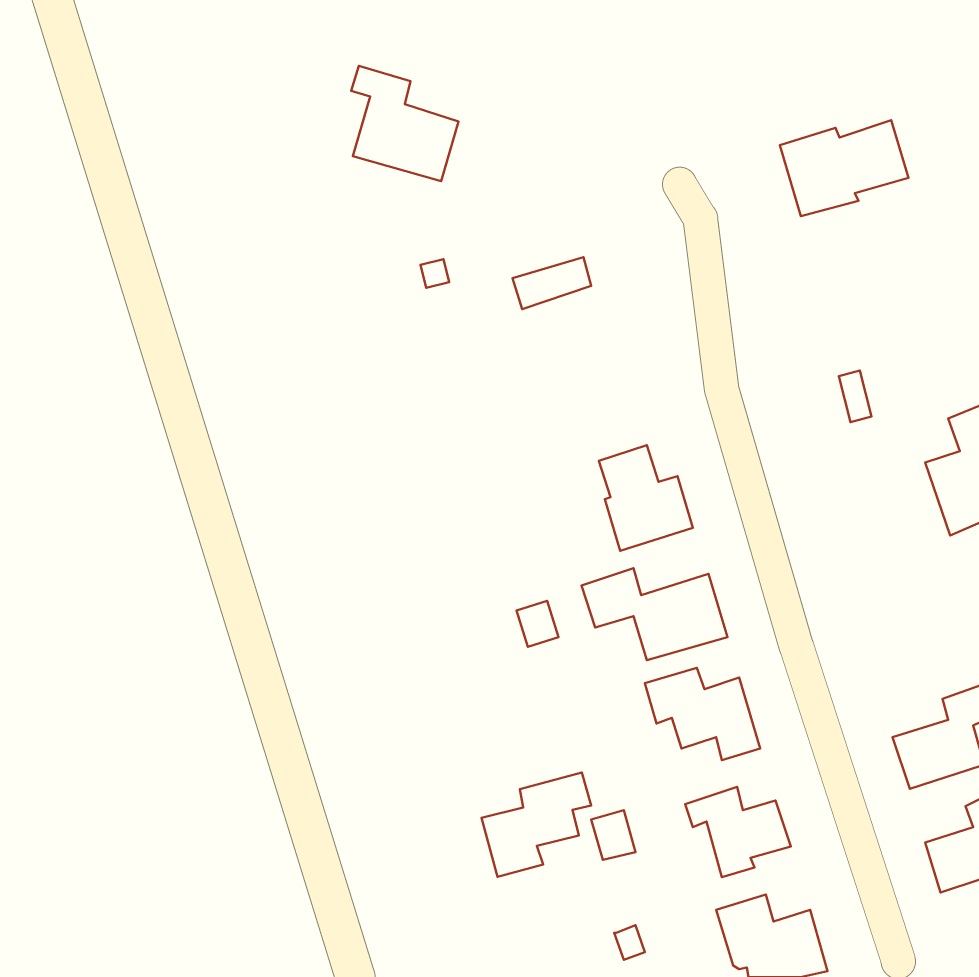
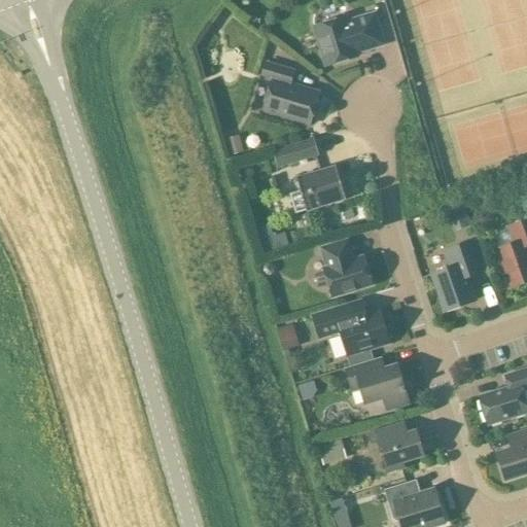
building: [351,66,459,181] -> [262,62,320,124]
building: [780,120,908,216] -> [316,12,385,64]
building: none -> [291,165,347,212]
building: none -> [433,240,484,310]
building: [481,772,591,877] -> none

